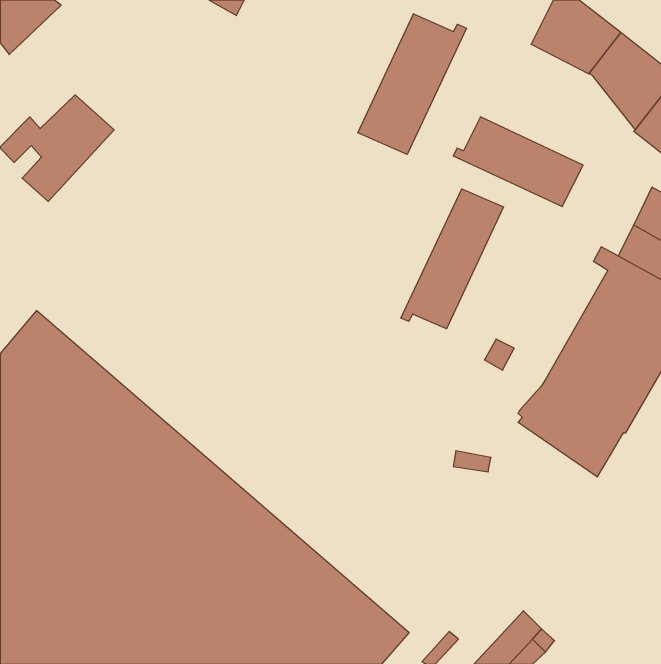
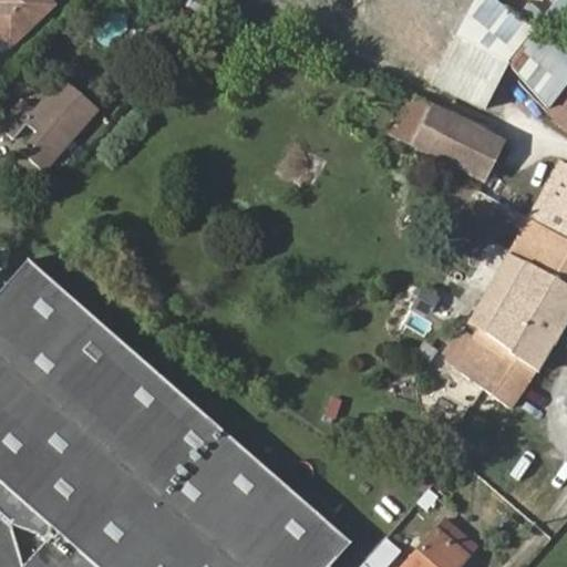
building: [358,14,467,154] -> none
building: none -> [432,38,505,107]
building: [401,189,504,329] -> none

